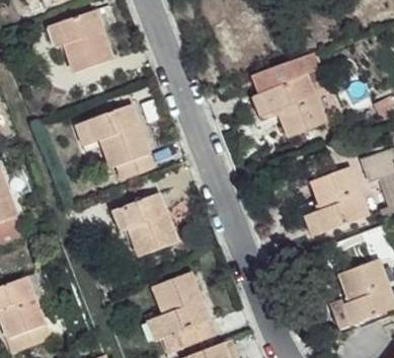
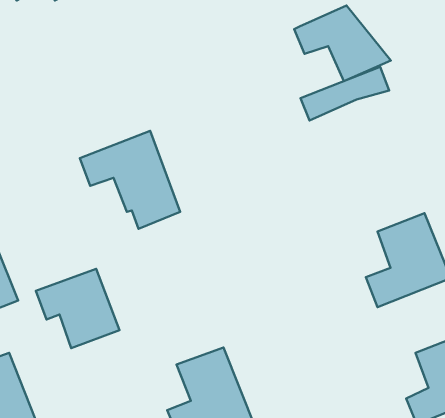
building: [51,7,116,70] -> none
building: [251,78,326,137] -> [294,6,391,81]
building: [123,192,187,254] -> [36,269,120,348]

